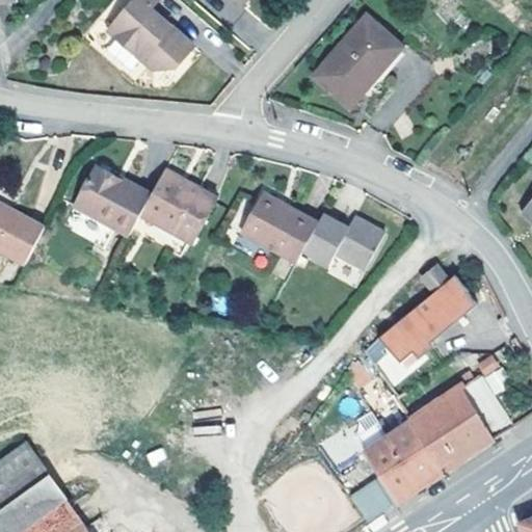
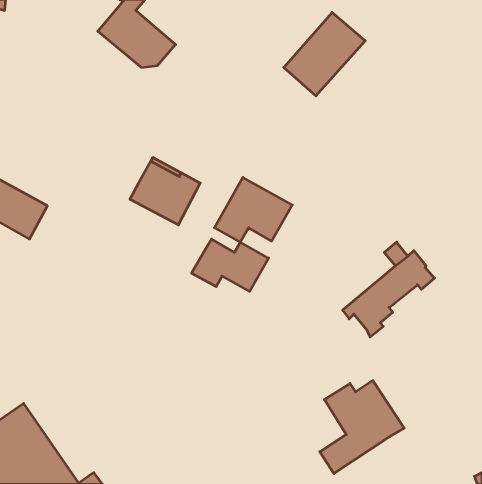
building: [79,171,152,239] -> none
building: [304,214,389,271] -> [192,239,269,291]
building: [408,374,512,469] -> none

